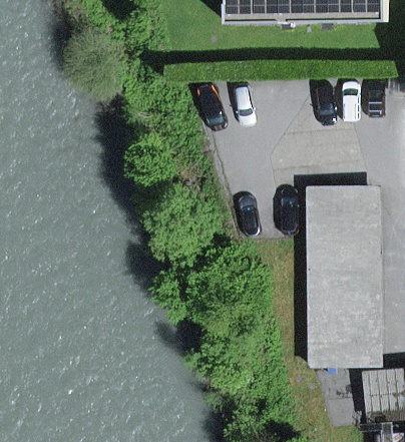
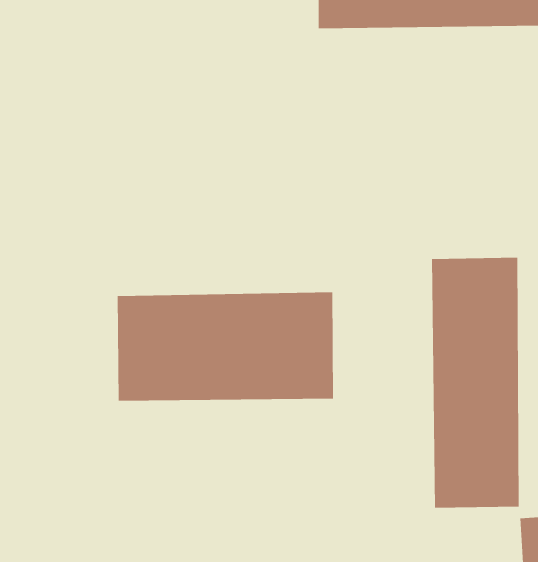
building: none -> [117,291,334,401]

